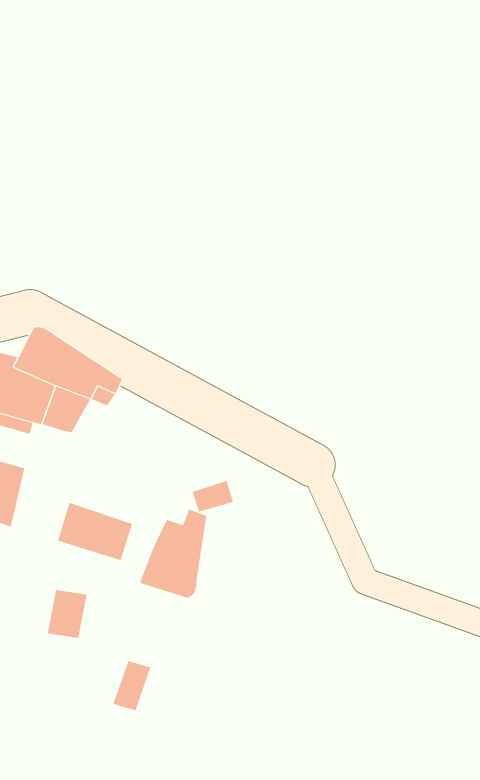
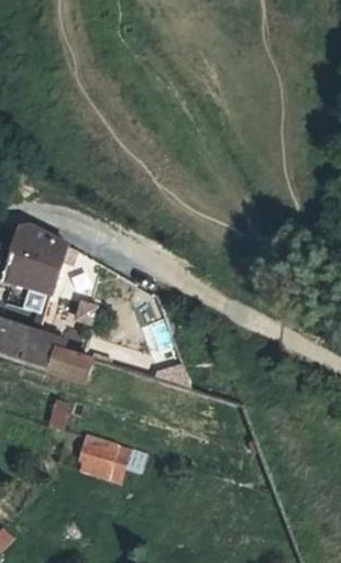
building: none -> [18,321,58,368]
building: [139,509,207,599] -> none

